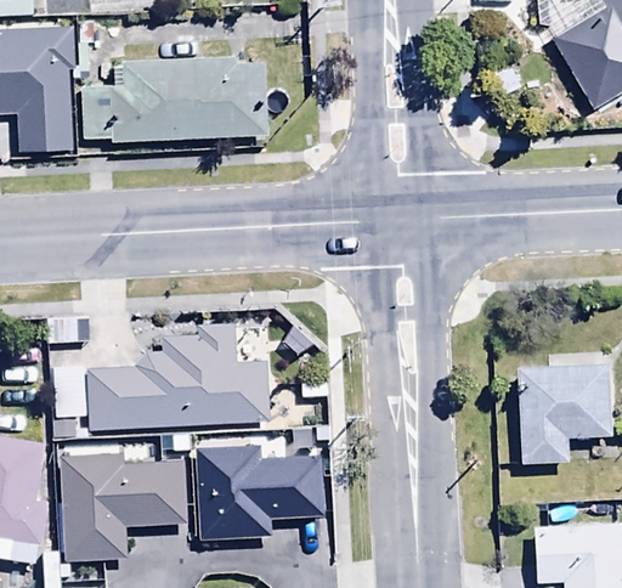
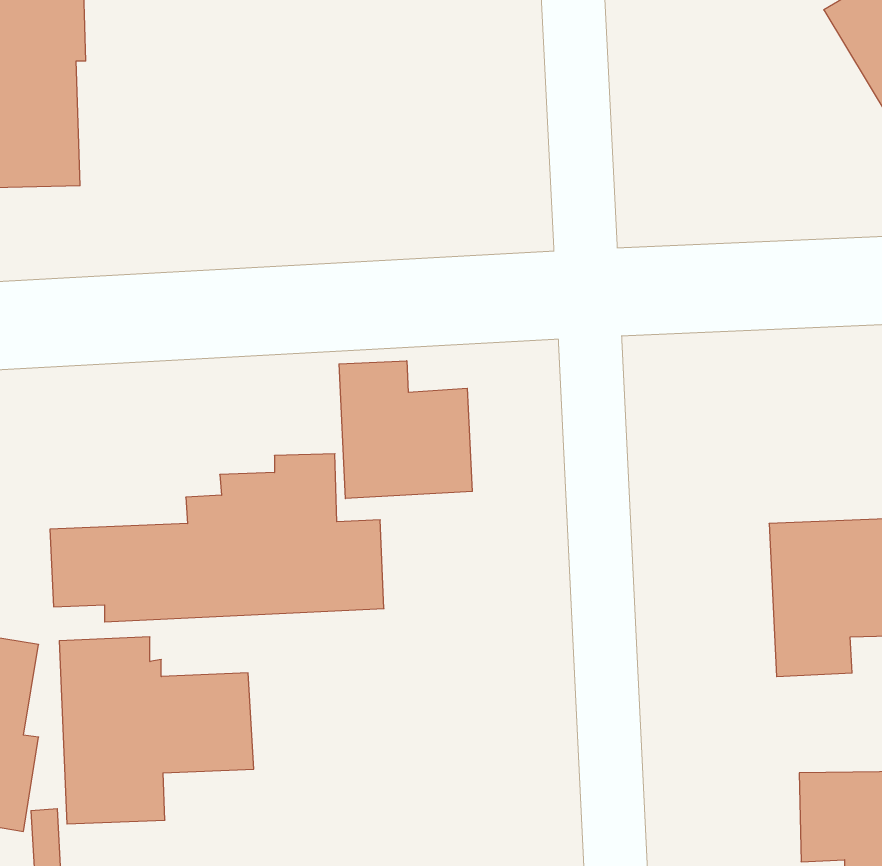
building: [81,56,267,141] -> none
building: none -> [339,361,472,499]
building: [191,446,324,539] -> none

